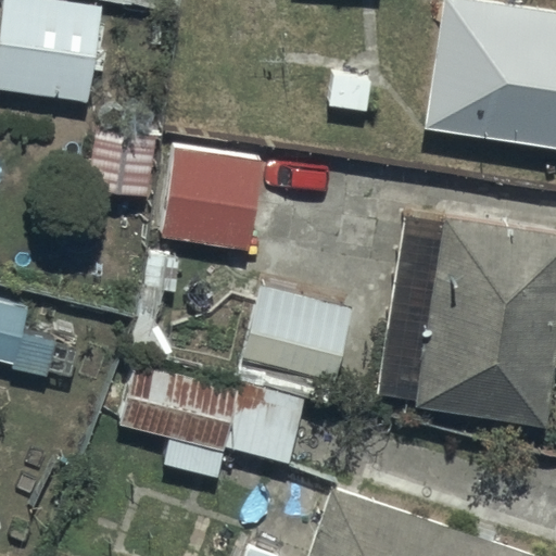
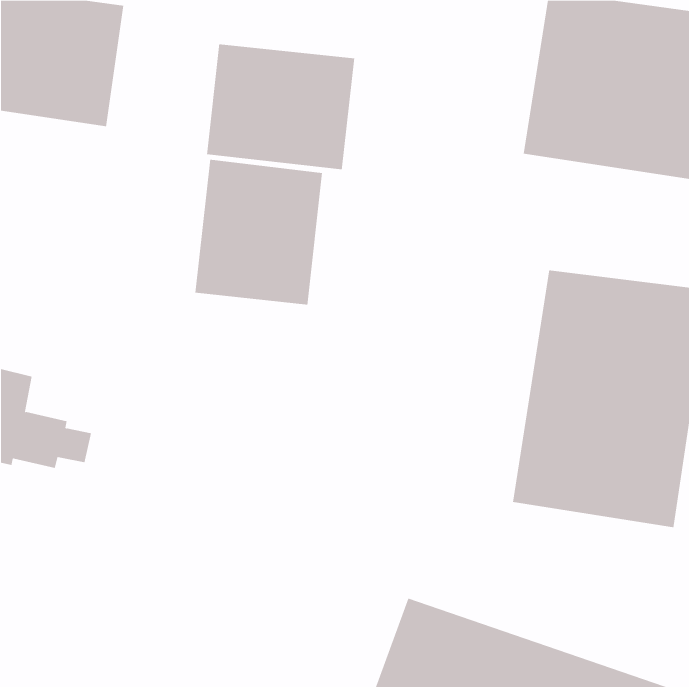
building: none -> [207,43,355,170]
building: [242,286,350,383] -> none
building: [118,362,303,479] -> none

